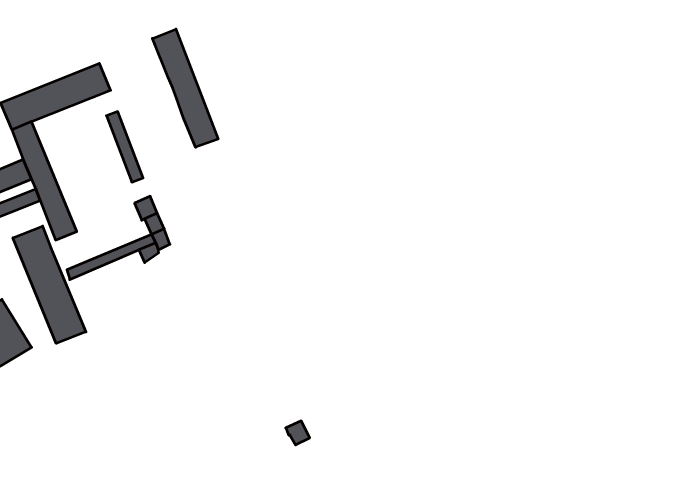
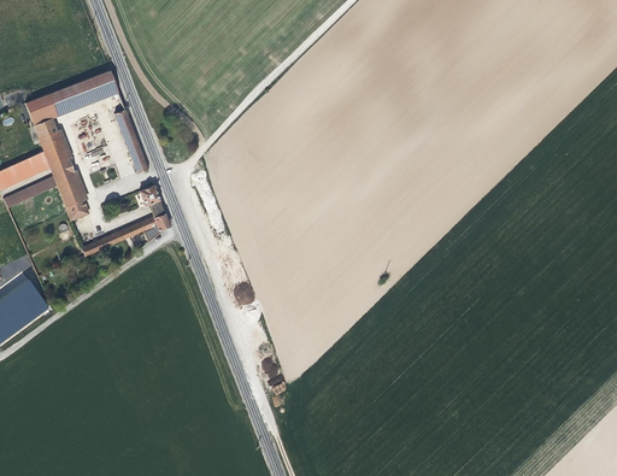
building: [152,29,218,147] -> none
building: [13,226,86,343] -> none

